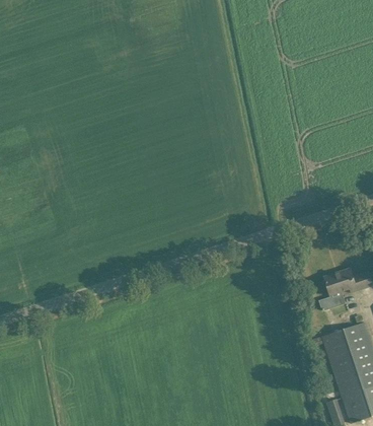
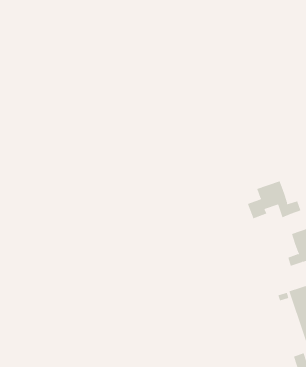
building: none -> [247,180,301,219]

